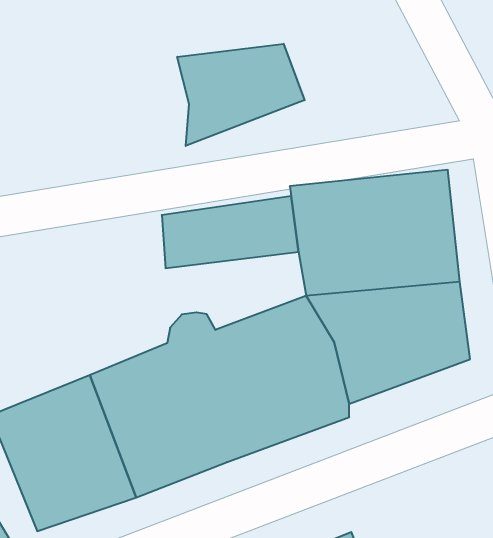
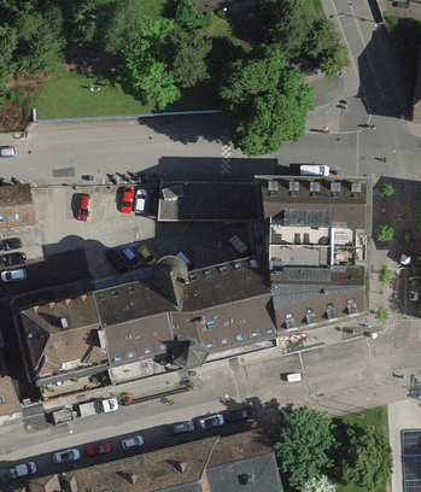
building: [177,44,305,146] -> none

